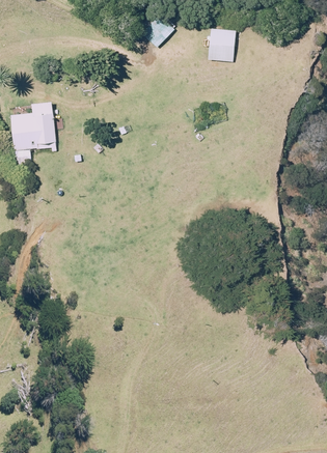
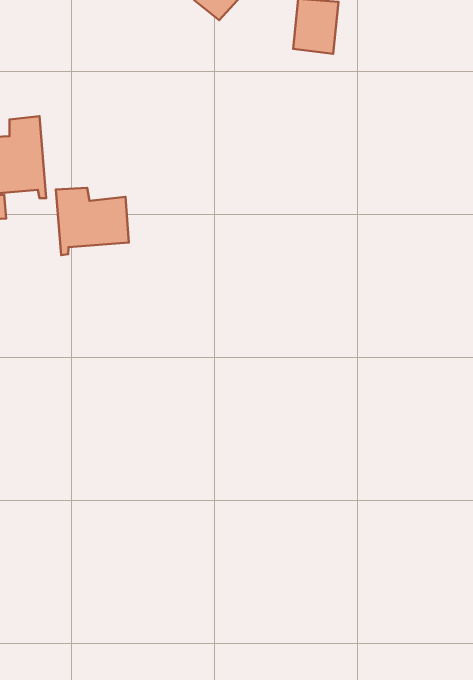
building: none -> [56,188,129,255]

